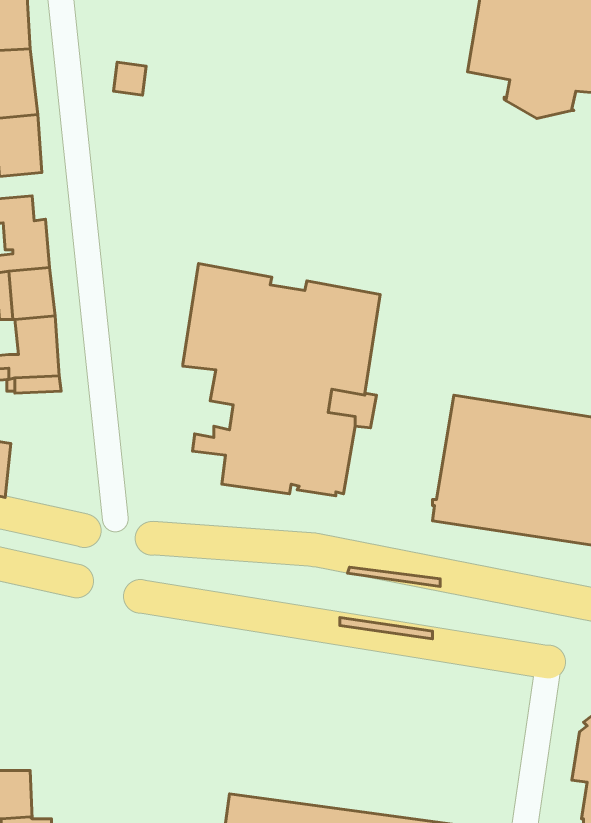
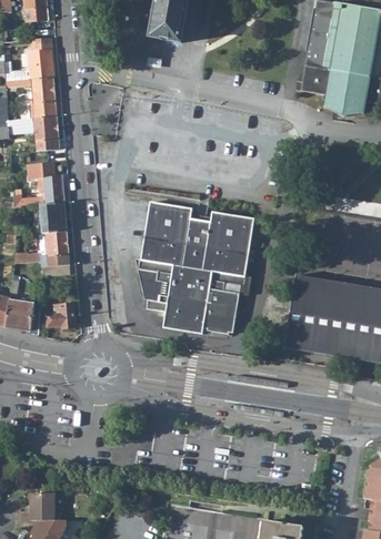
building: none -> [134,257,169,301]
building: none -> [46,303,74,328]

